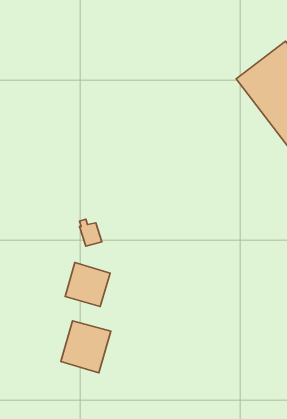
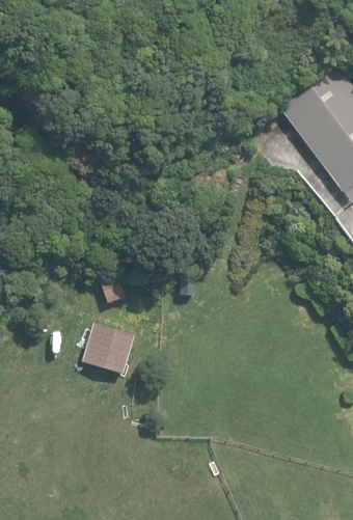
building: [61,321,111,373] -> none

